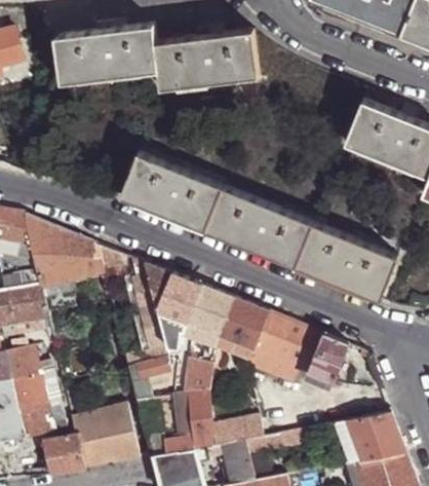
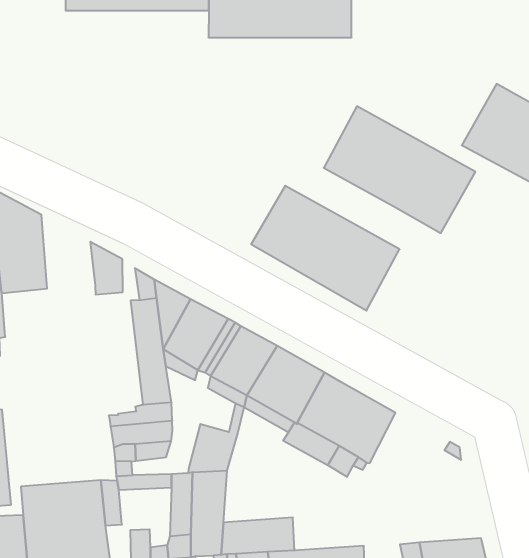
building: [120,151,226,230] -> none
building: [292,221,397,301] -> [324,106,475,233]
building: [61,228,104,278] -> none
building: [308,334,348,383] -> none

